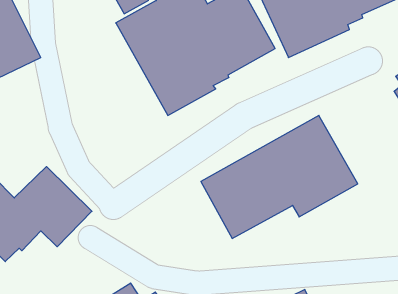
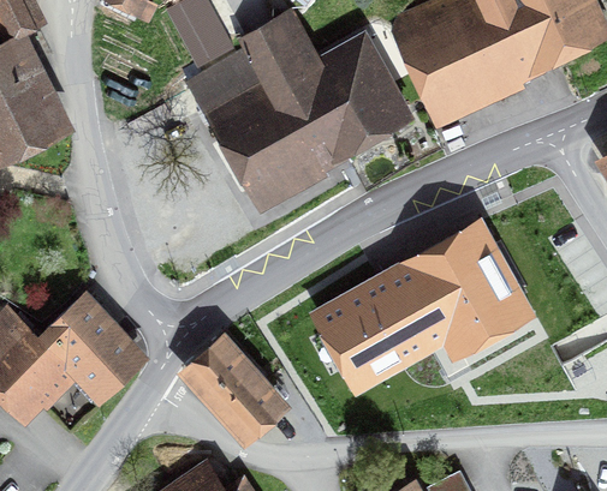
building: none -> [185,339,286,445]

